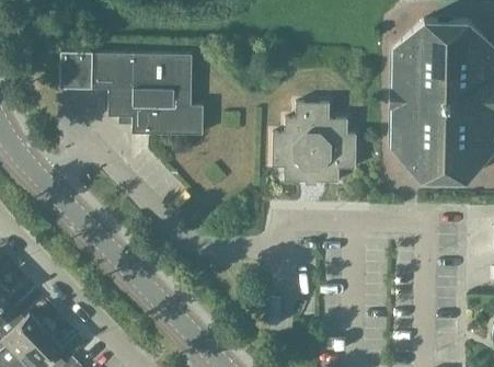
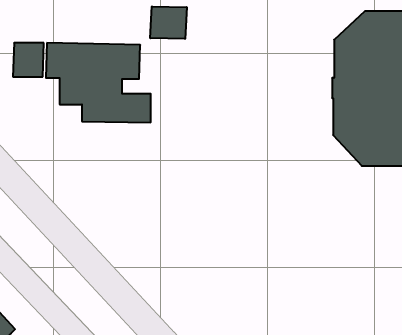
building: none -> [150,6,187,39]
building: [273,103,357,183] -> none

